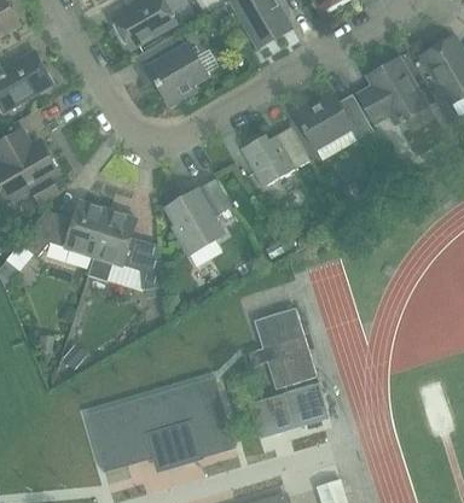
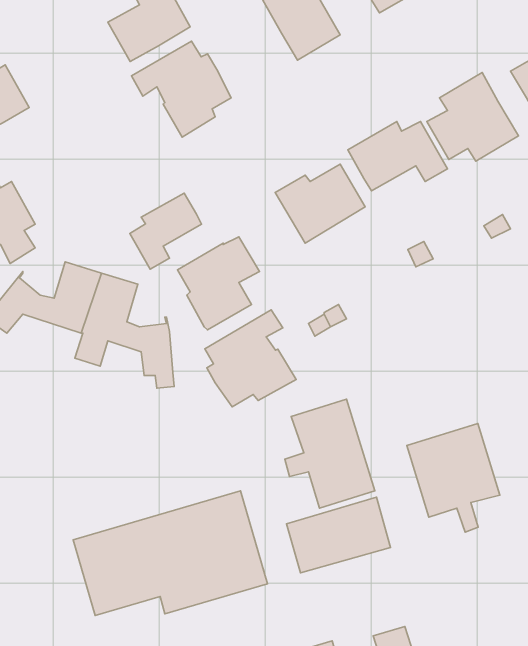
building: none -> [130,193,202,269]
building: none -> [205,310,296,407]
building: none -> [407,423,500,532]

